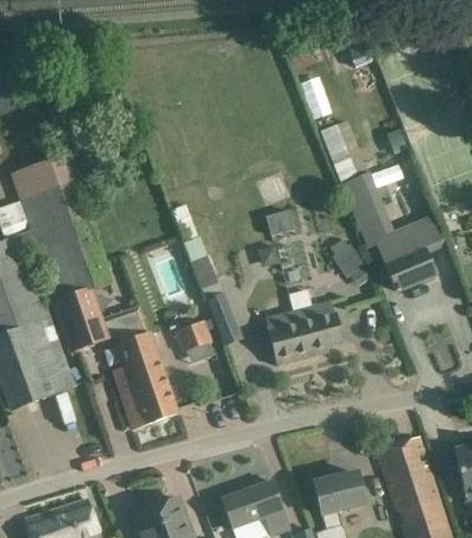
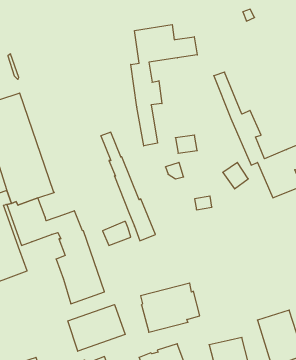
building: none -> [131,25,197,146]
building: [266,301,344,365] -> [141,283,200,332]
building: none -> [68,305,125,351]

